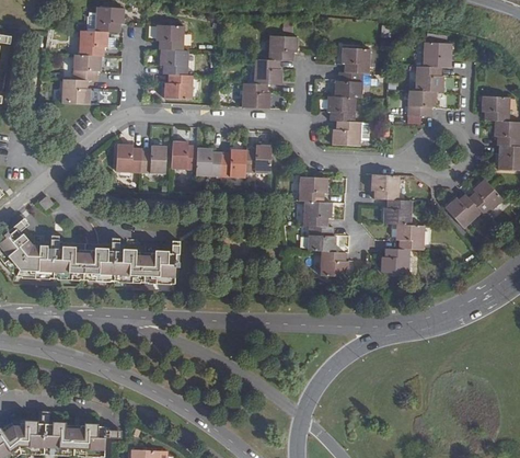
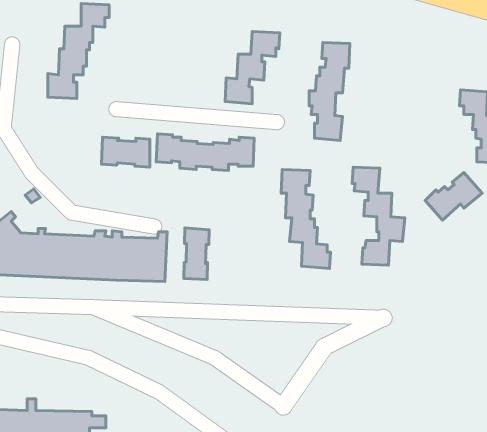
building: [154,25,193,100] -> none
building: [407,42,451,116] -> none
building: none -> [184,228,209,279]

